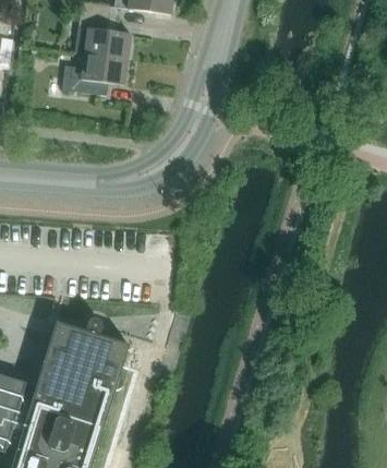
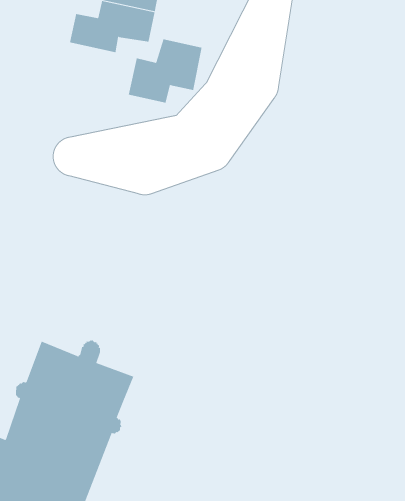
building: none -> [128,38,202,103]

